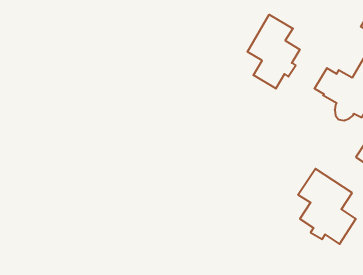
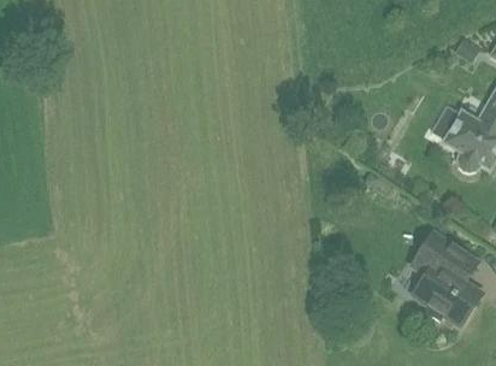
building: [247,15,300,89] -> none

